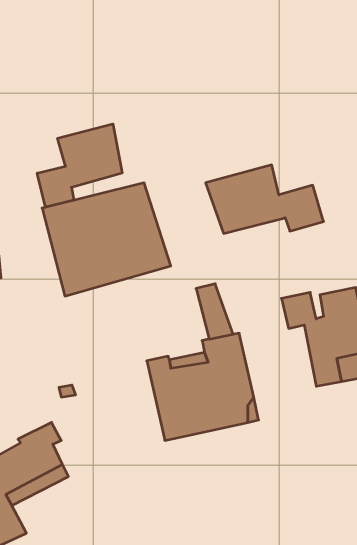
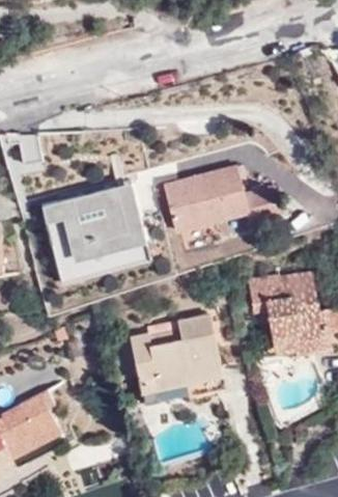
building: [37,124,122,207] -> none
building: [196,284,233,339] -> [164,183,196,230]

